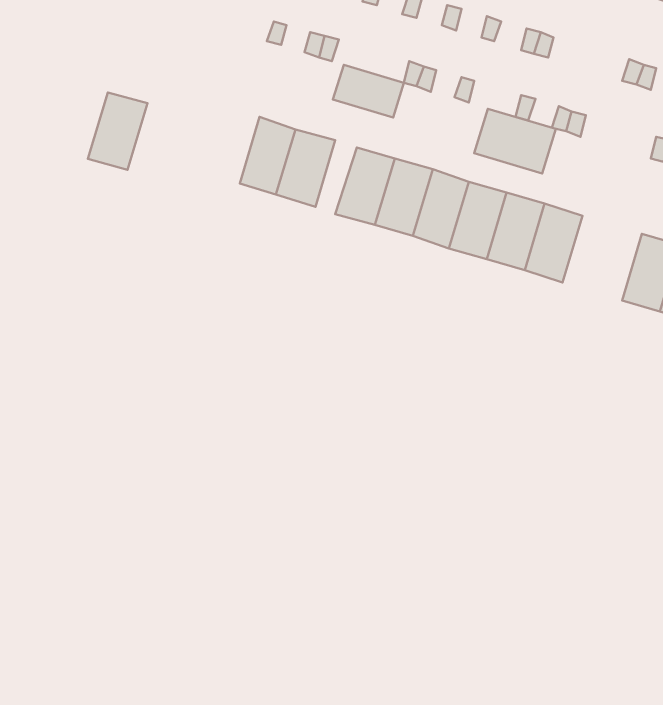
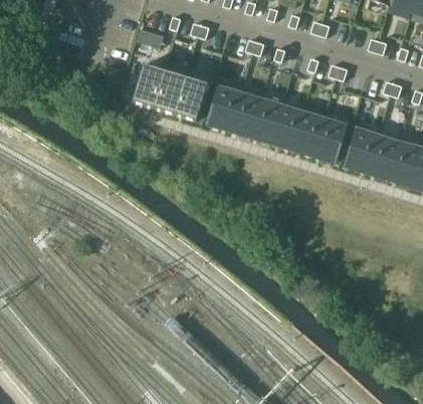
building: [333,65,404,117] -> none
building: [88,92,147,170] -> [132,63,165,107]
building: [474,109,556,173] -> none
building: none -> [345,128,378,172]

